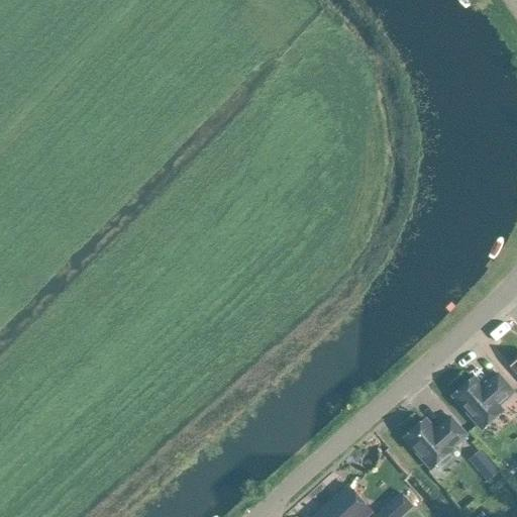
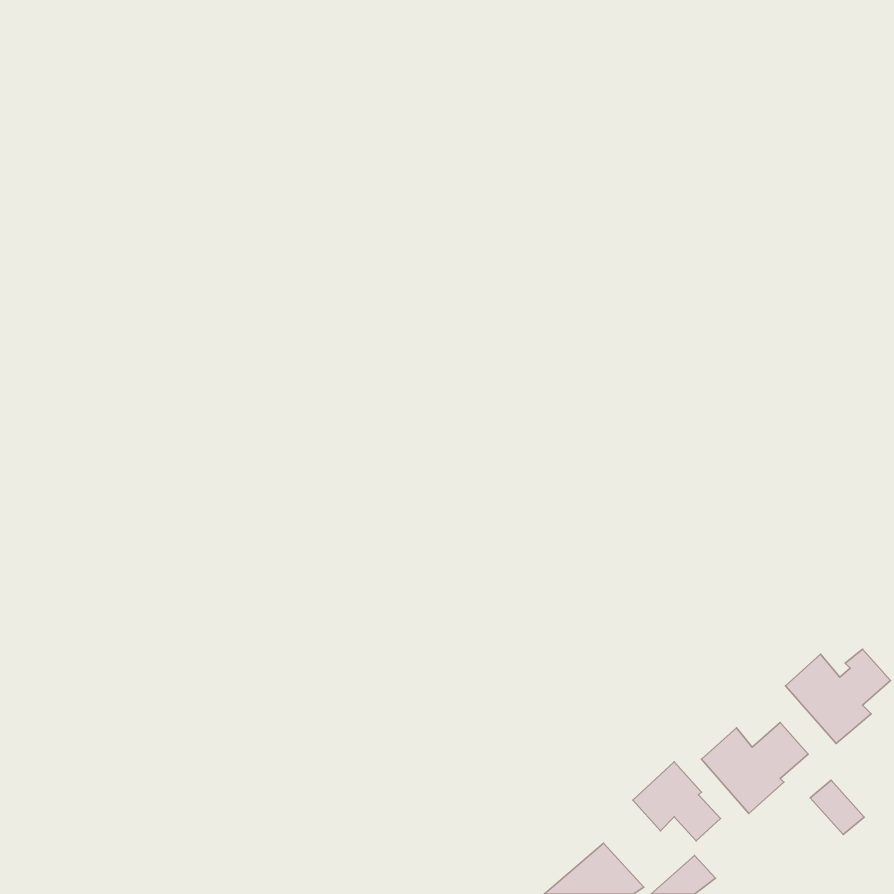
building: none -> [633,762,721,841]

